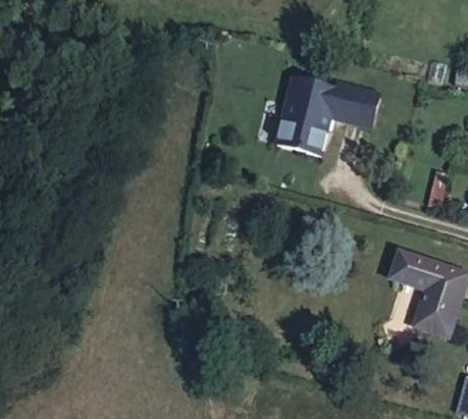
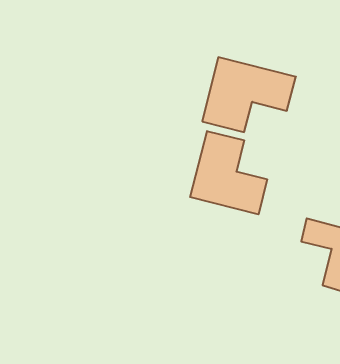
building: none -> [190,131,267,214]

